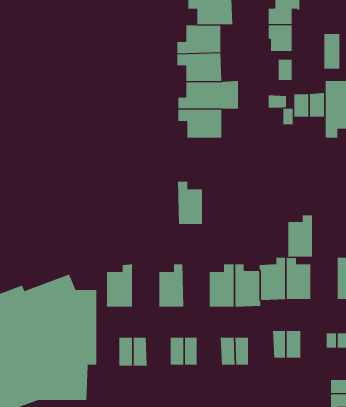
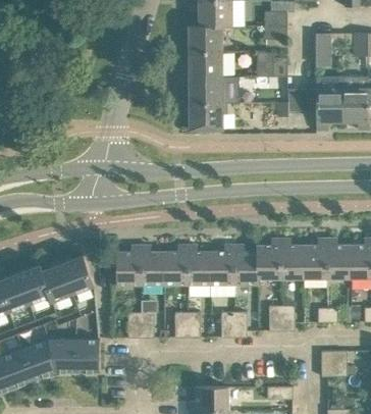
building: [177,181,203,225] -> [187,245,210,284]
building: [287,215,313,257] -> [304,239,327,277]
building: none -> [141,245,164,284]

